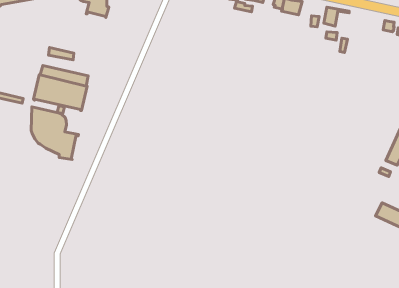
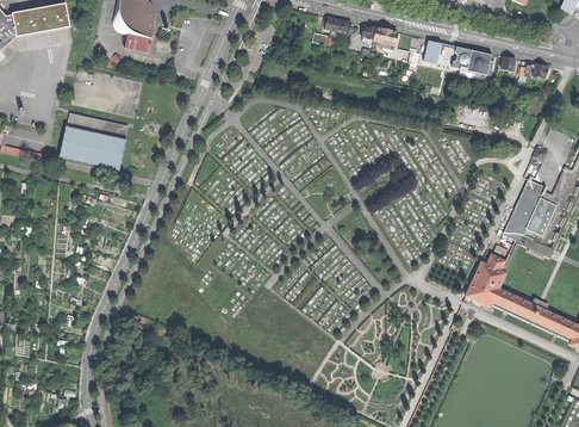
building: none -> [450,47,494,76]
building: [31,107,79,160] -> none
building: none -> [466,253,505,307]

